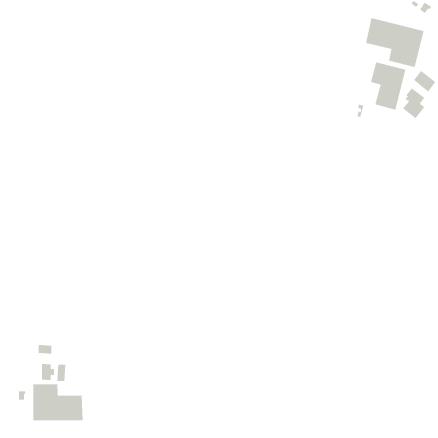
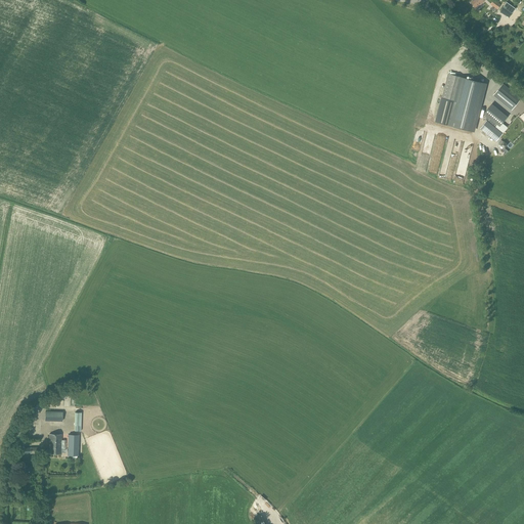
building: [365,17,424,68] -> none
building: [33,383,83,421] -> none

